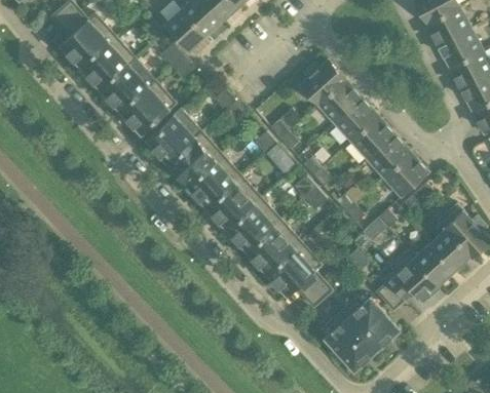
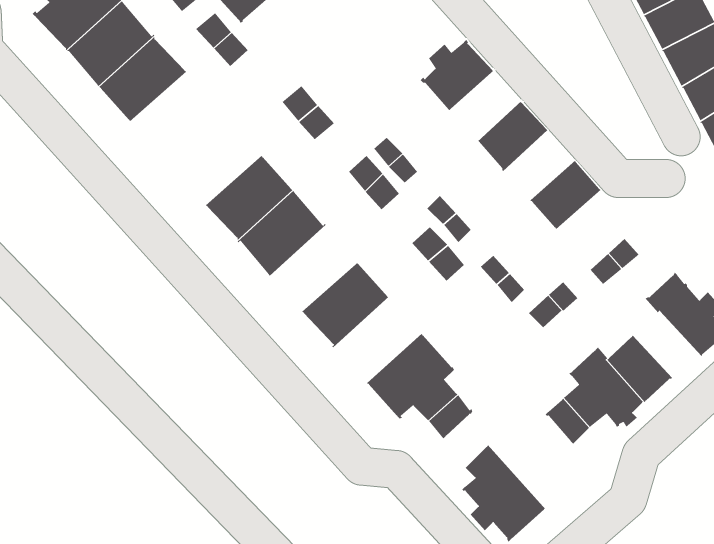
building: [316,80,362,124] -> none
building: [120,81,176,134] -> none
building: [146,109,201,163] -> none
building: [350,117,394,160] -> none
building: [383,154,428,198] -> none
building: [206,175,261,229] -> none
building: [246,220,300,273] -> none
building: [430,229,473,270] -> none
building: [341,298,400,351] -> none

